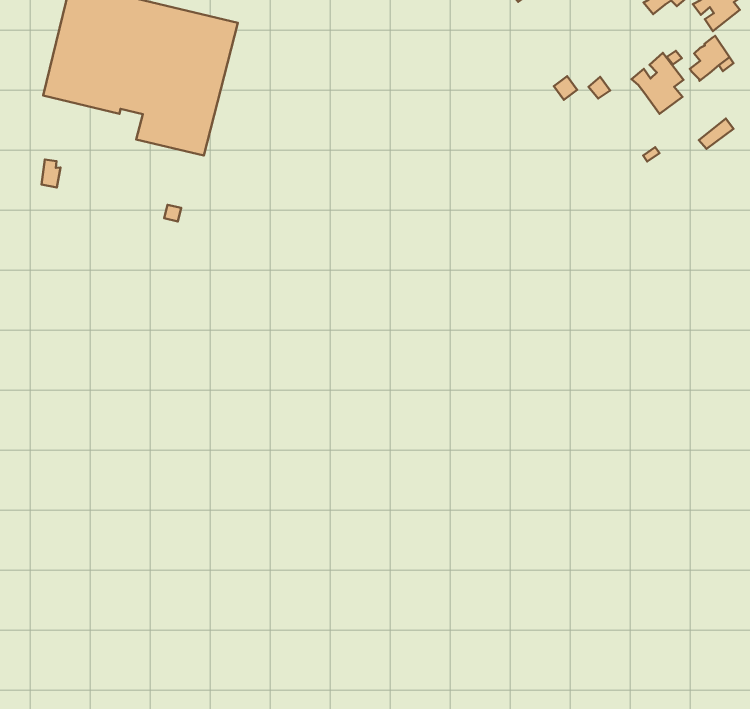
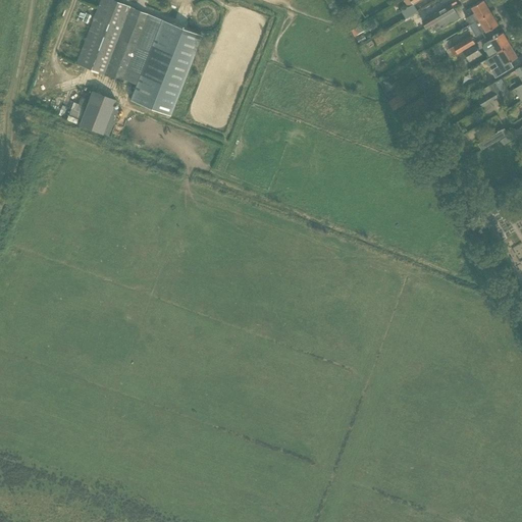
building: [631,53,683,114] -> none
building: none -> [79,91,116,134]

